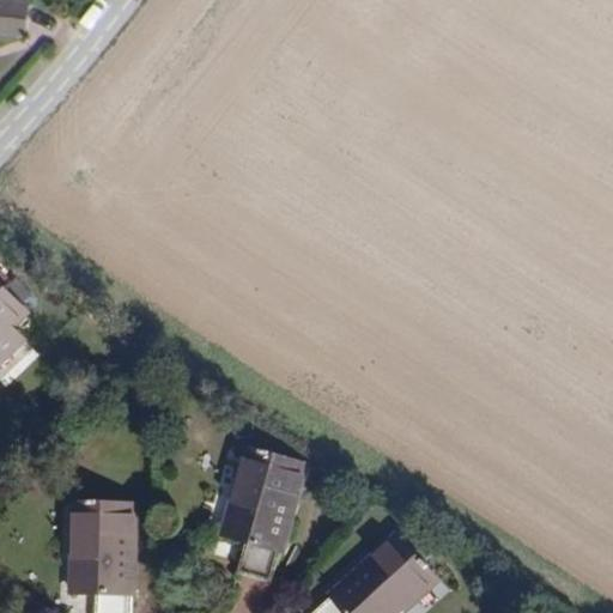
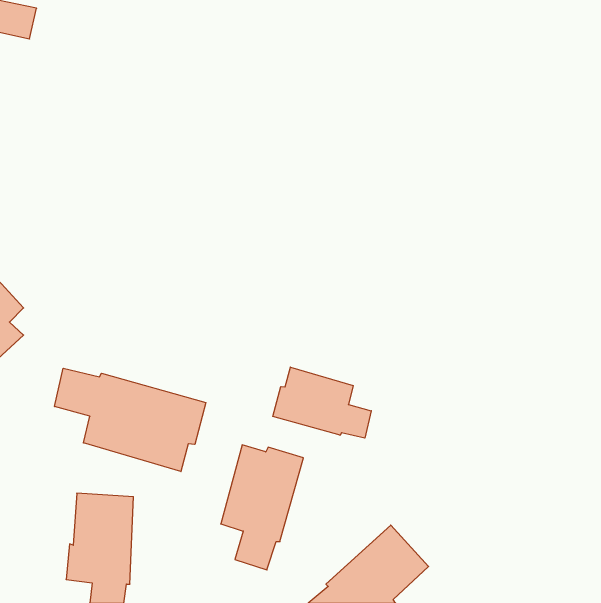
building: none -> [273,367,371,438]
building: none -> [55,368,206,472]

